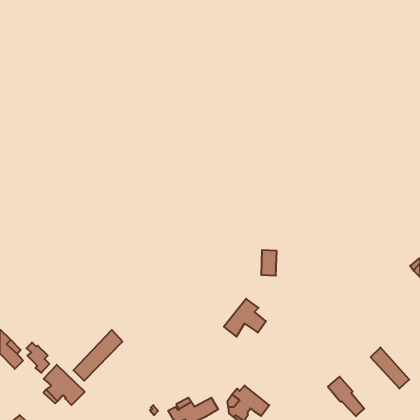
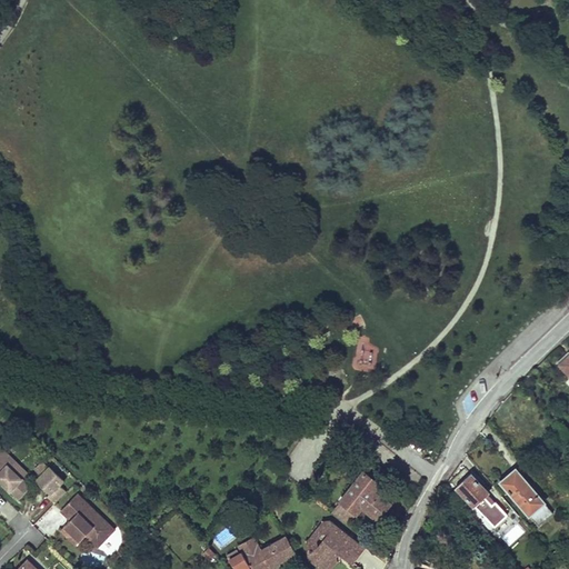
building: [224,299,266,337] -> [331,473,388,525]
building: [73,330,122,381] -> none
building: [328,377,364,416] -> [455,473,503,527]

